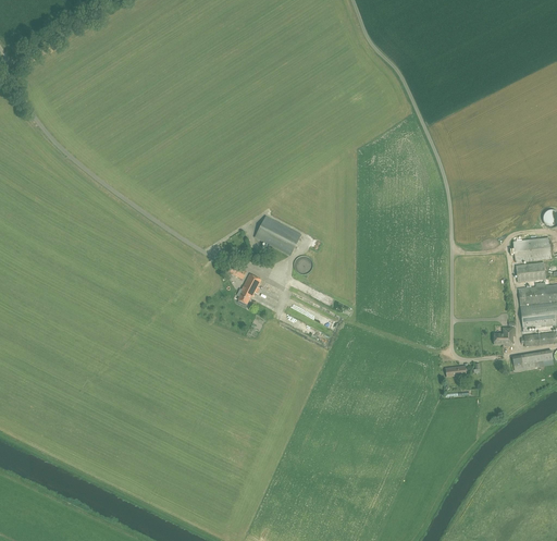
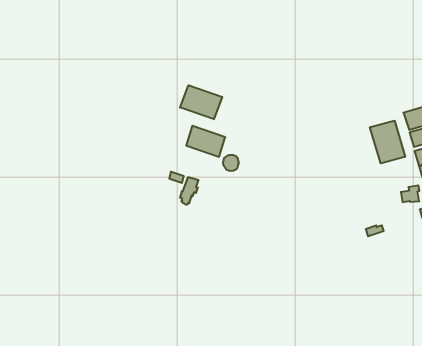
building: none -> [180,85,222,119]
building: none -> [370,121,405,163]

